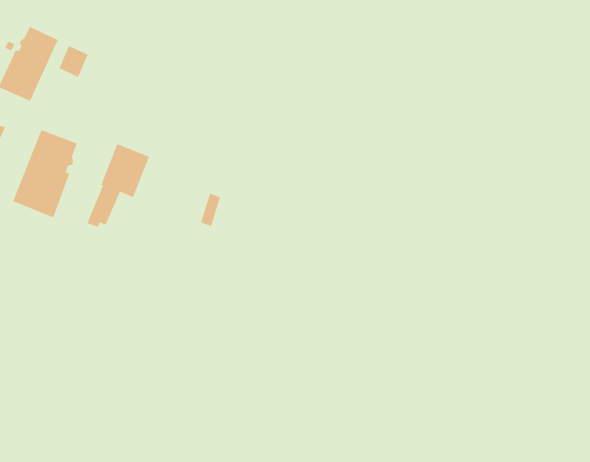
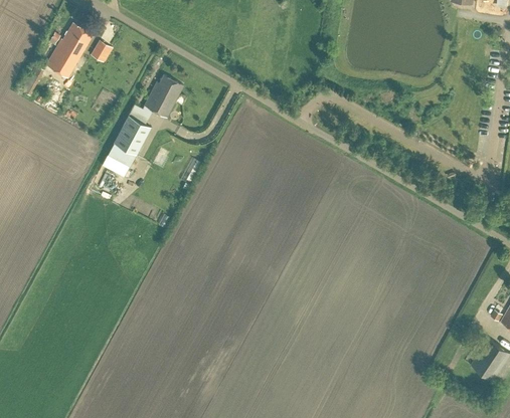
building: none -> [144,75,183,119]
building: [12,129,78,218] -> none

